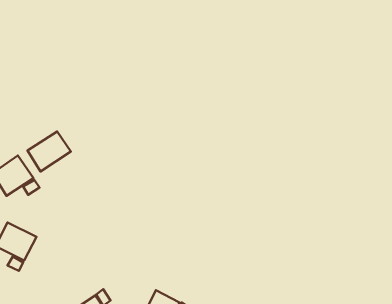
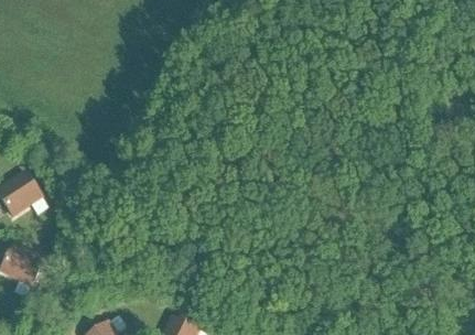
building: [27,131,71,171] -> none

